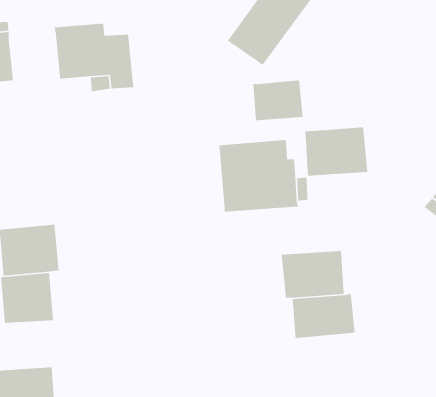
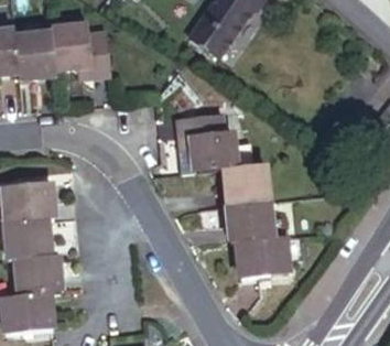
building: none -> [12,33,52,77]
building: [253,79,304,121] -> none
building: [304,127,368,177] -> [226,167,277,207]
building: none -> [10,259,58,299]

